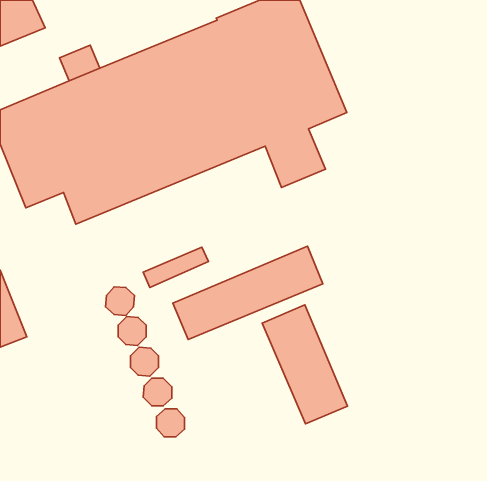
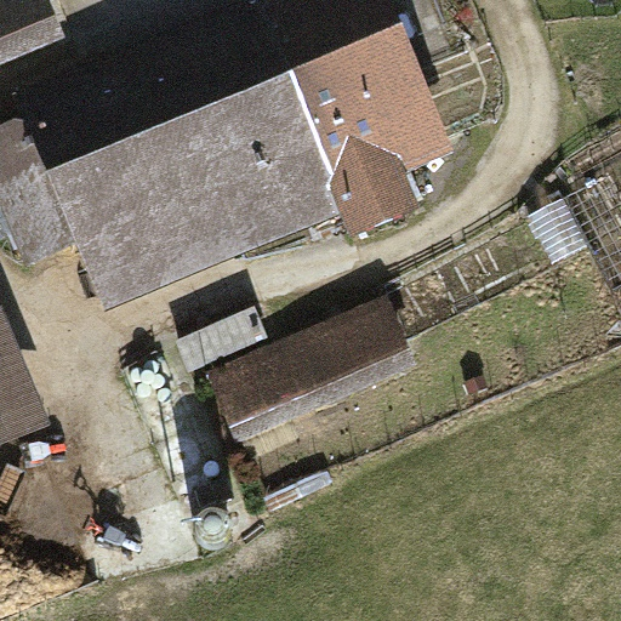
building: [262,305,348,424] -> none

